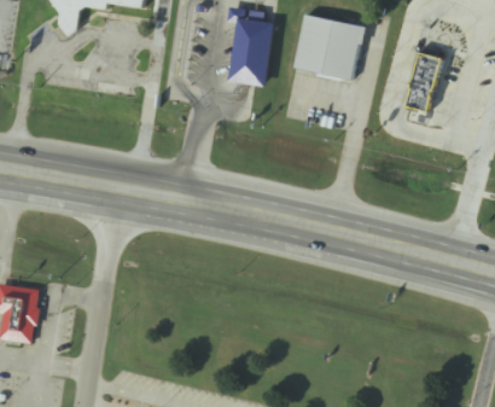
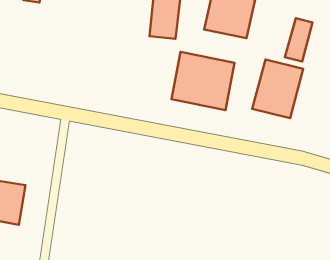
building: none -> [172,52,234,110]
building: none -> [252,59,303,118]

